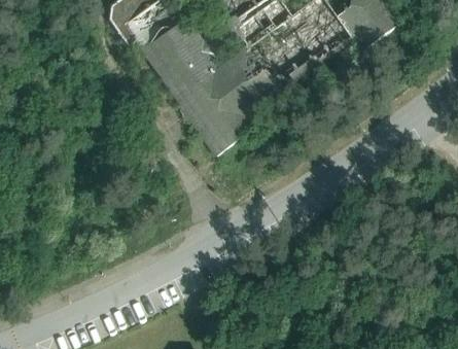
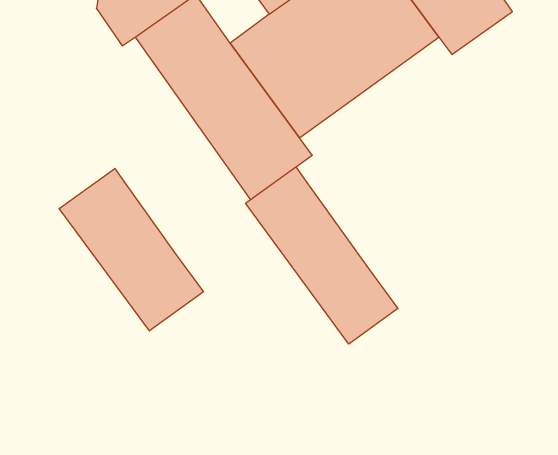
building: none -> [246,167,398,344]
building: none -> [59,168,203,331]

